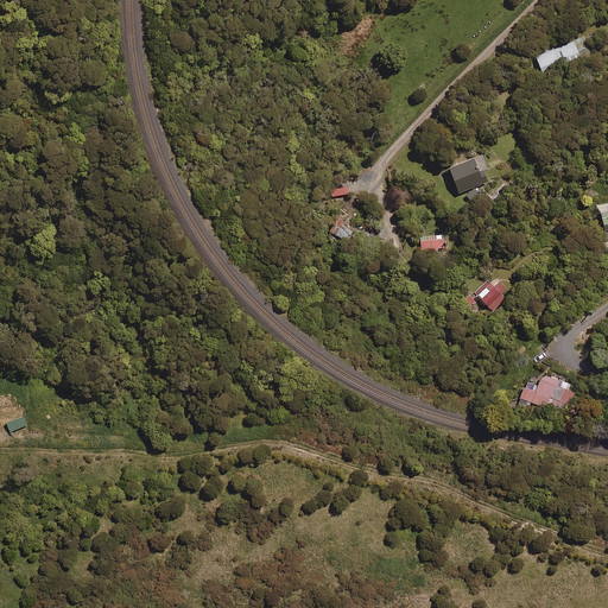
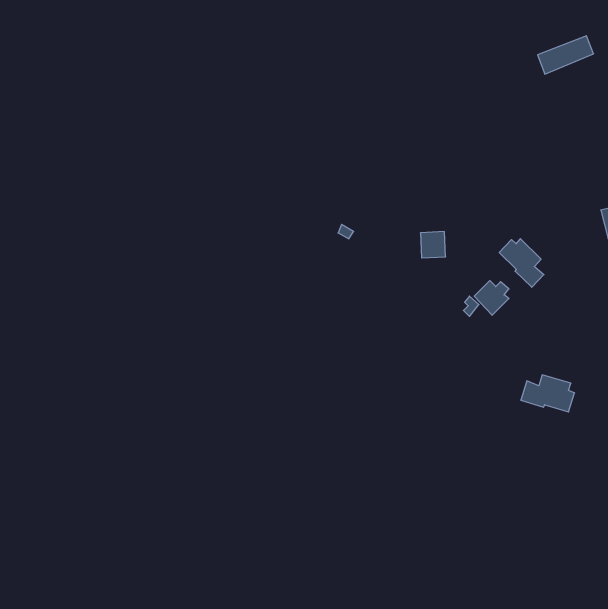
building: [448,157,488,192] -> none
building: none -> [499,239,544,287]

